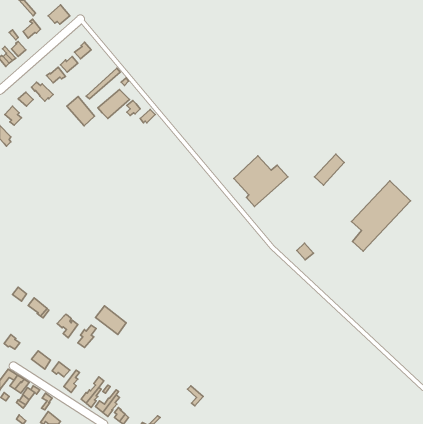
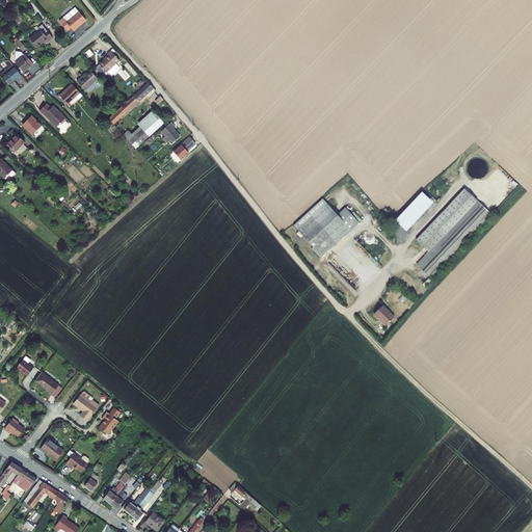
building: [67,96,95,126] -> none
building: [352,181,410,251] -> [415,190,488,278]
building: [95,306,126,334] -> none

